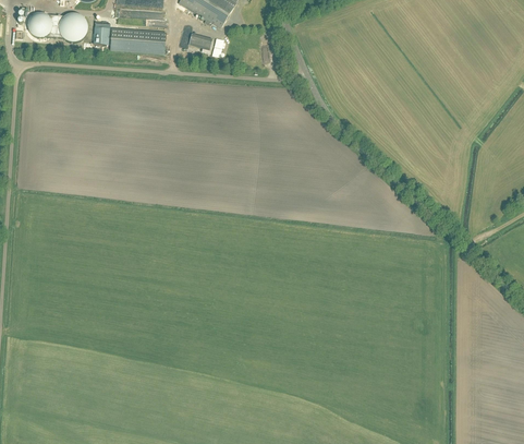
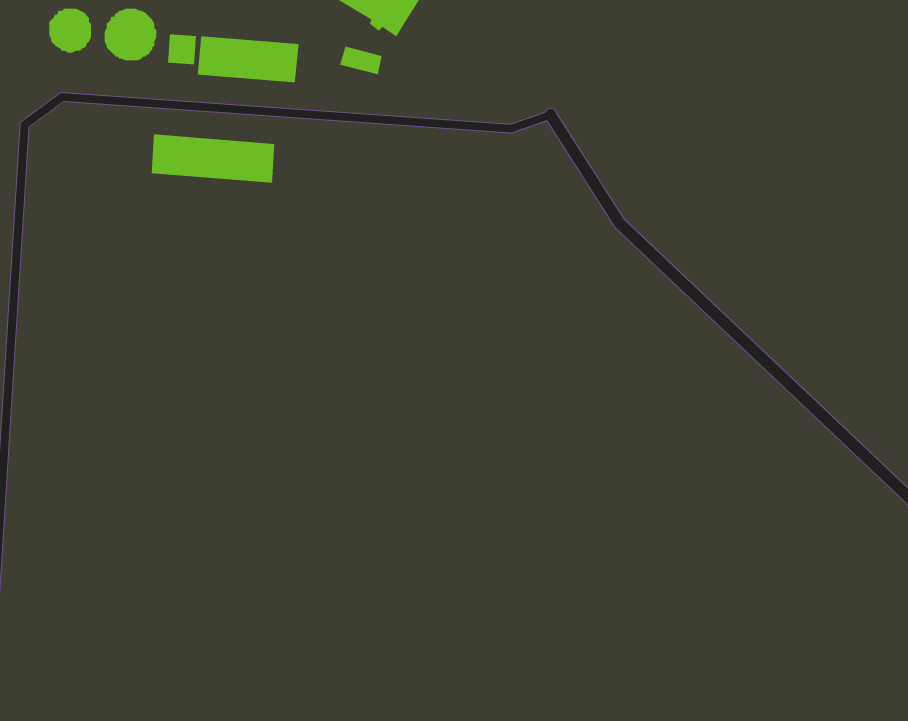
building: none -> [151,134,275,183]

